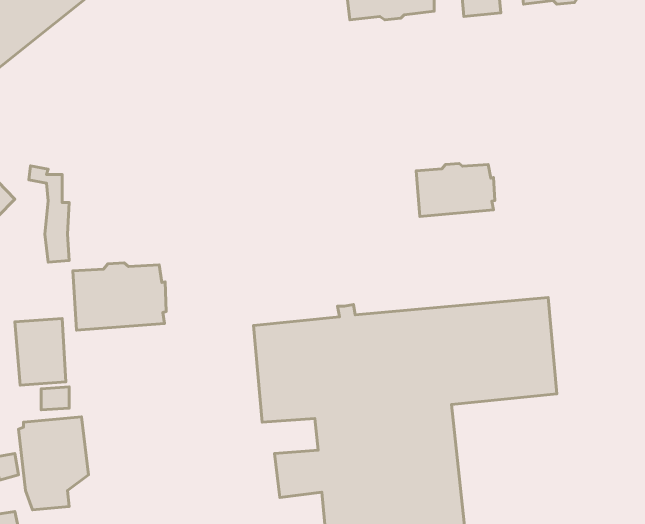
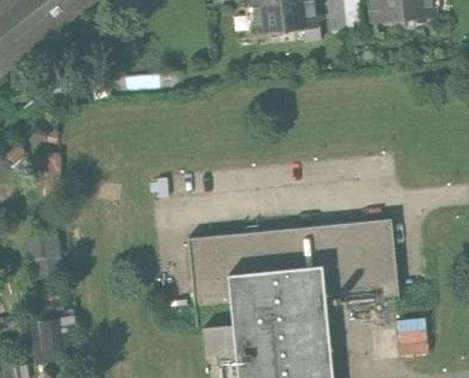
building: [416,163,495,216] -> none
building: [73,263,166,330] -> none

